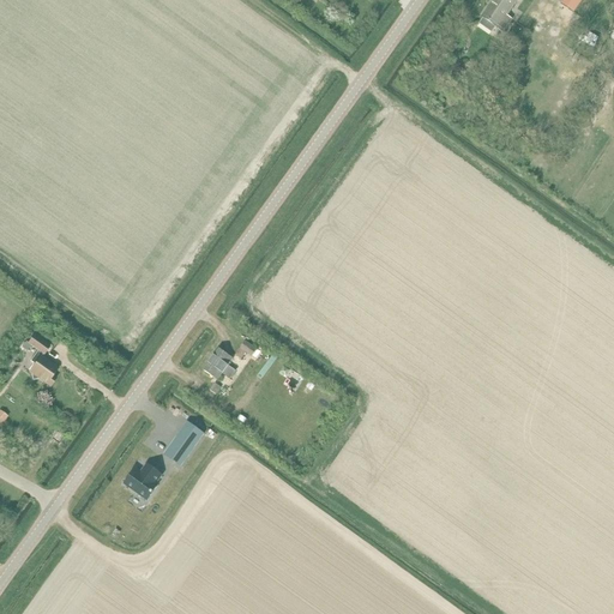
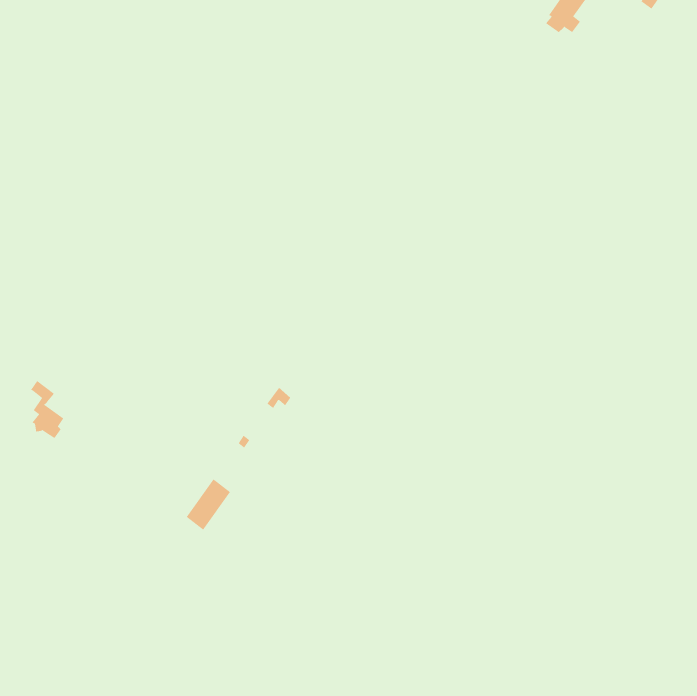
building: [201,348,234,379] -> none
building: [122,462,161,499] -> none

